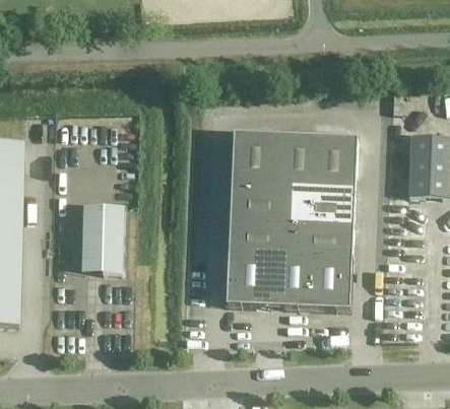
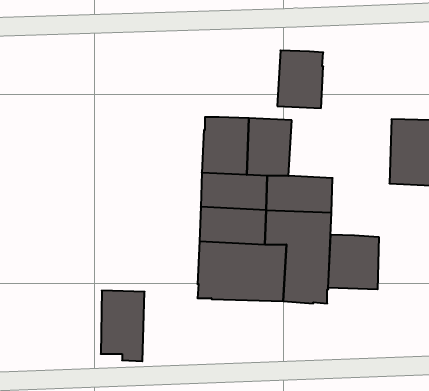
building: [314,134,358,189] -> [277,50,323,108]
building: [83,204,125,271] -> [101,291,145,361]
building: none -> [328,234,379,289]

